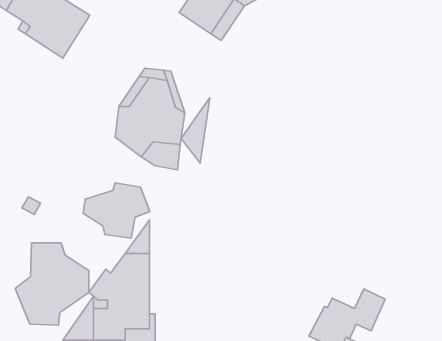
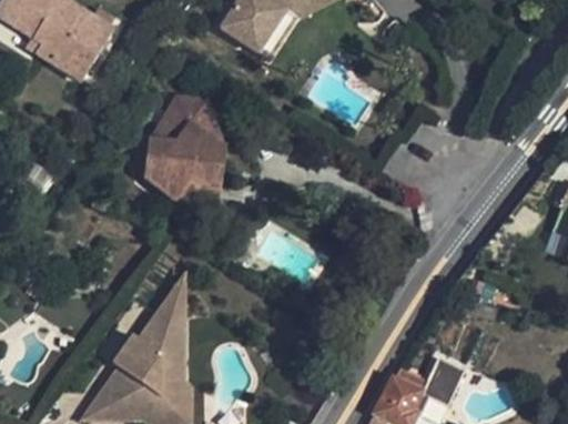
building: [181,98,210,163] -> none
building: [83,183,150,238] -> none
building: [15,243,89,325] -> none

